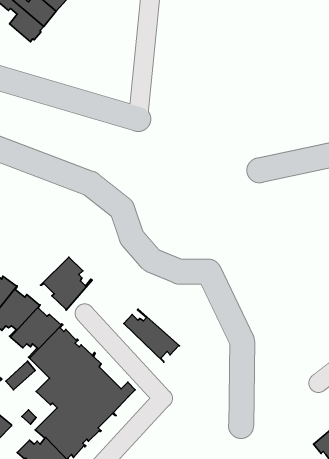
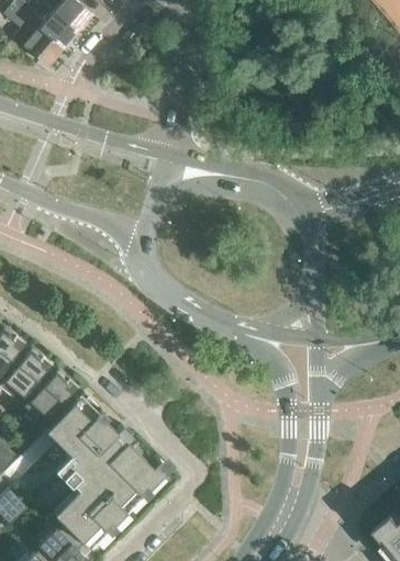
building: [40,257,92,310] -> none
building: [124,309,179,362] -> none

